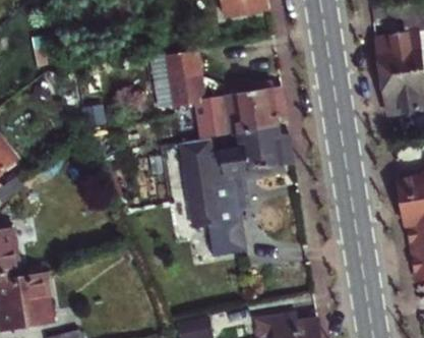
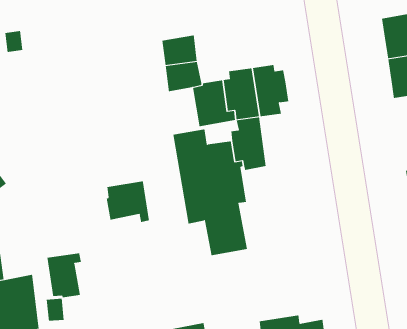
building: [259,124,294,173] -> none
building: none -> [106,180,150,223]
building: none -> [47,253,81,298]

